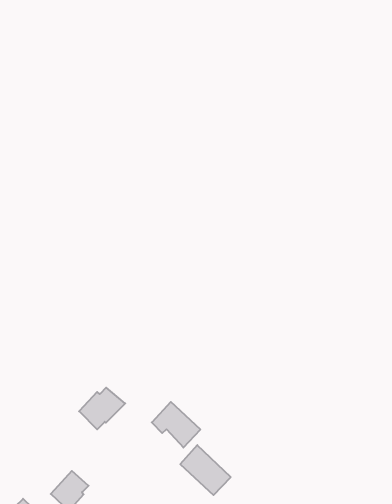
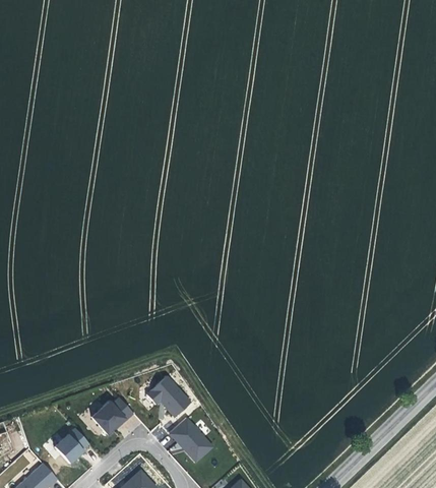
building: [79,388,125,429] -> [92,399,133,434]

